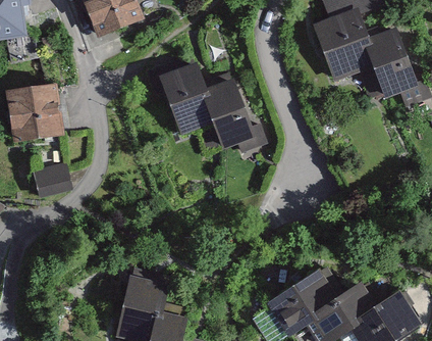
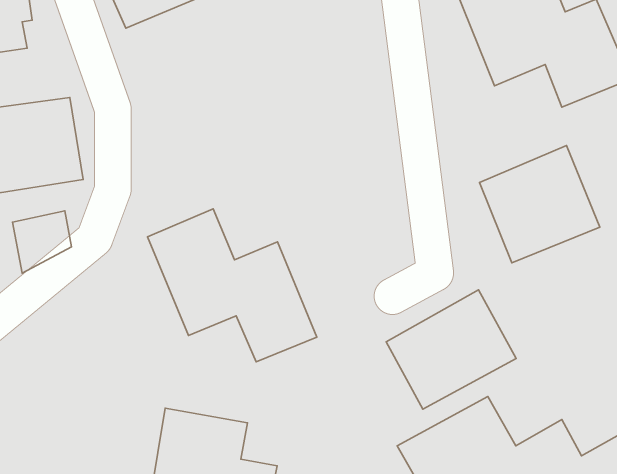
building: [149,52,254,147] -> [147,209,317,362]
building: none -> [480,145,600,263]
building: none -> [386,290,516,409]

